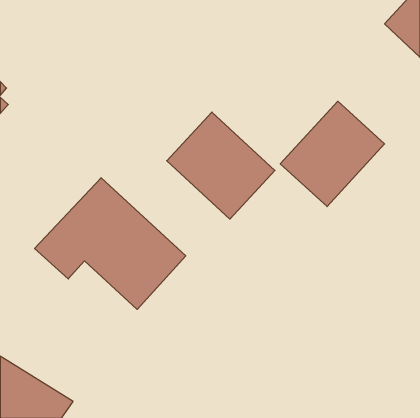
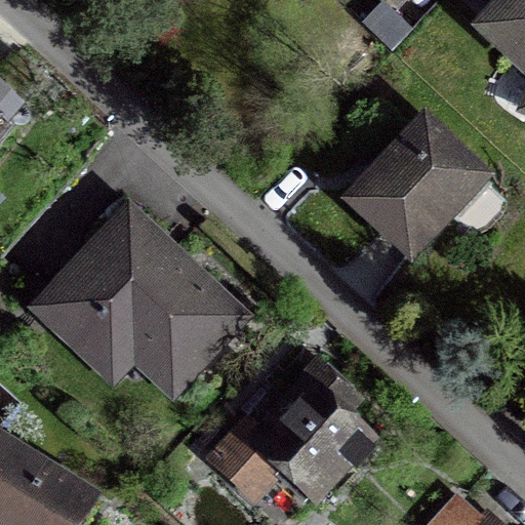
building: [167,112,275,219] -> none
building: none -> [210,366,364,498]

